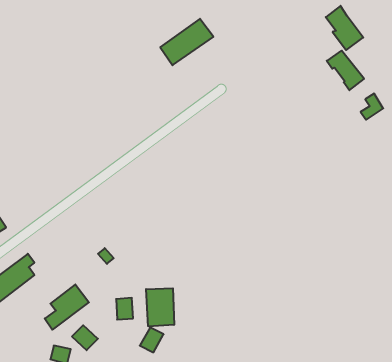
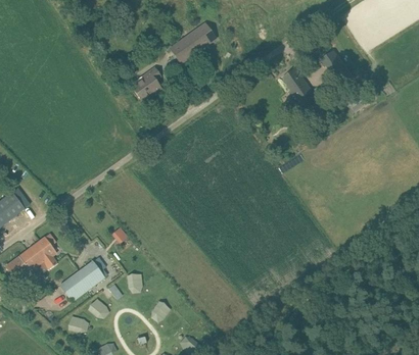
building: [326,6,363,50] -> [281,66,315,106]
building: none -> [131,66,160,100]
building: [146,288,174,326] -> none

